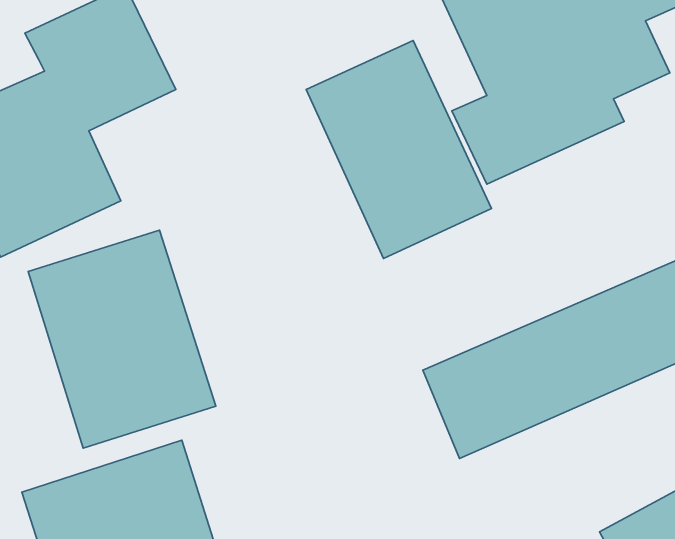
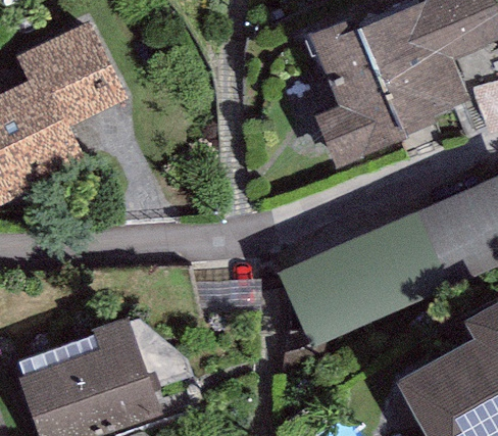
building: [306,41,491,259] -> none
building: [28,230,216,448] -> none

